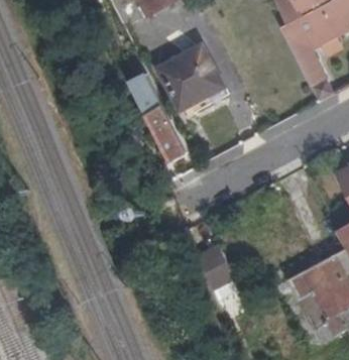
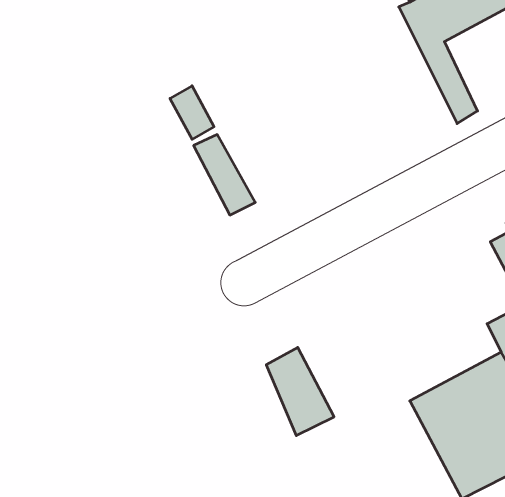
building: [157,45,226,117] -> none

